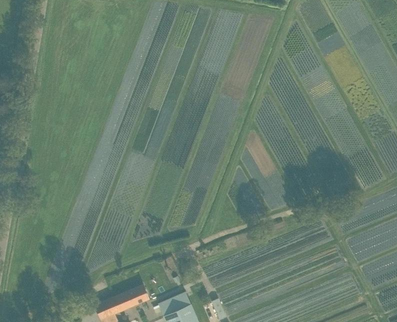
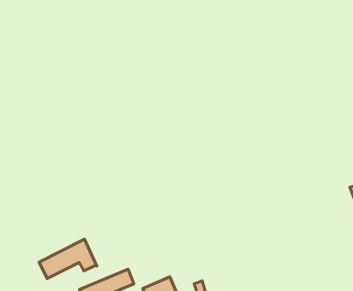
building: none -> [39,239,97,278]

